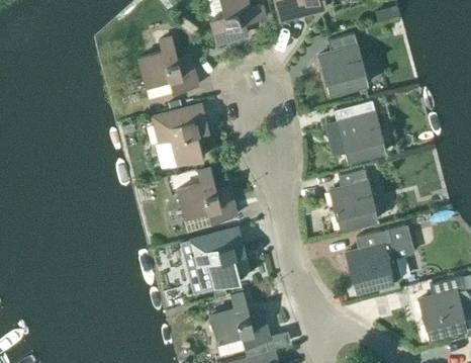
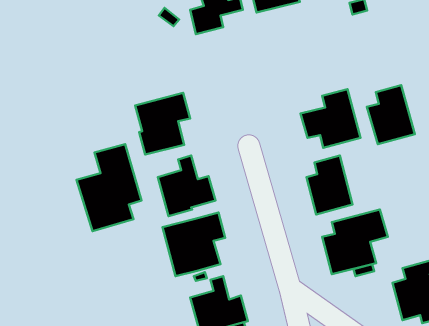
building: [318,32,368,93] -> [367,85,415,144]
building: [137,36,197,98] -> none
building: none -> [76,144,142,231]

